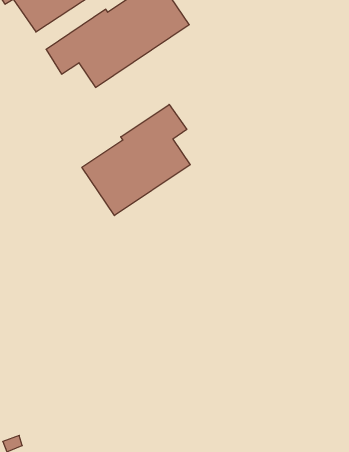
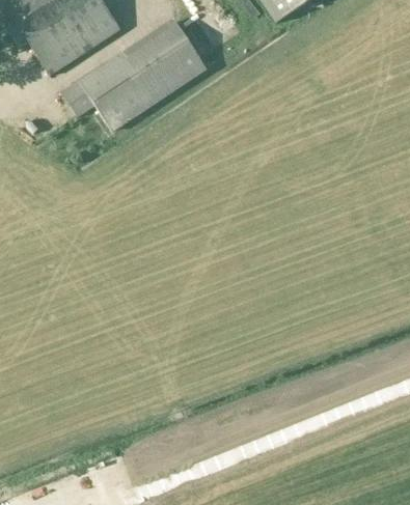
building: [82,104,190,216] -> none

